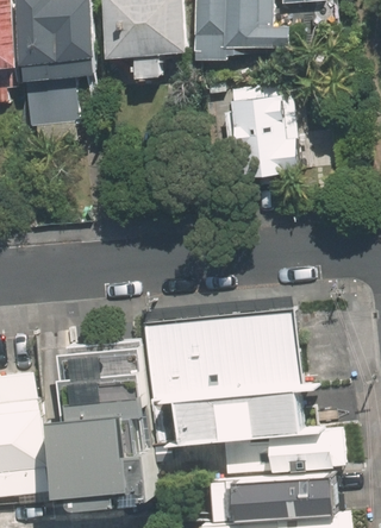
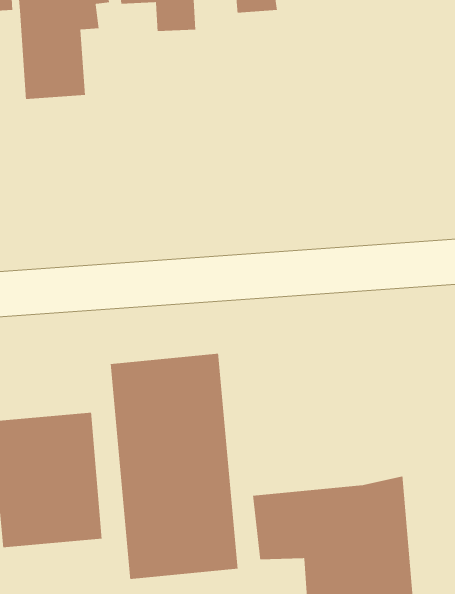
building: [230,86,307,172] -> none
building: [183,315,295,438] -> none

